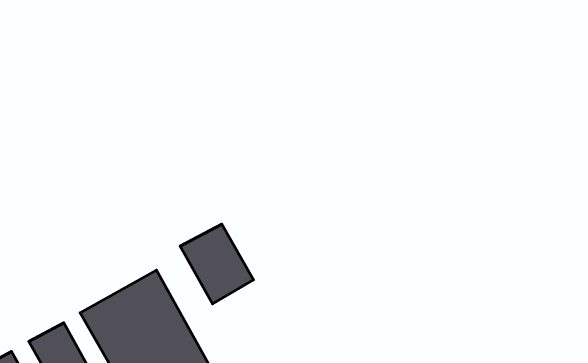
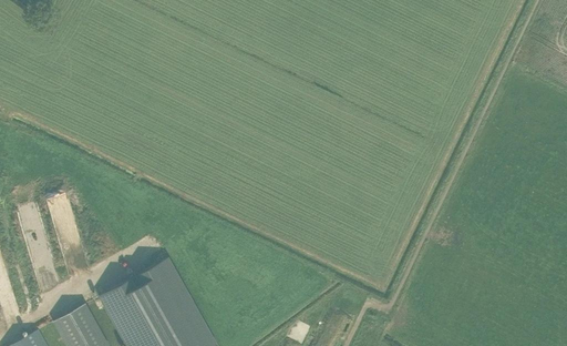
building: [180,224,254,304] -> none

